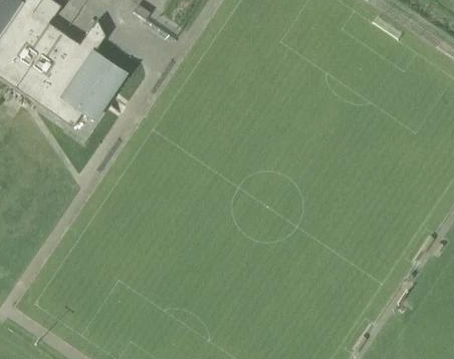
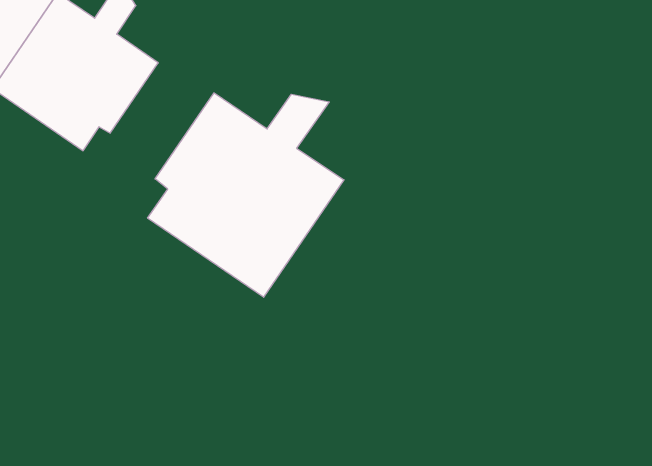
building: none -> [148,93,344,297]

